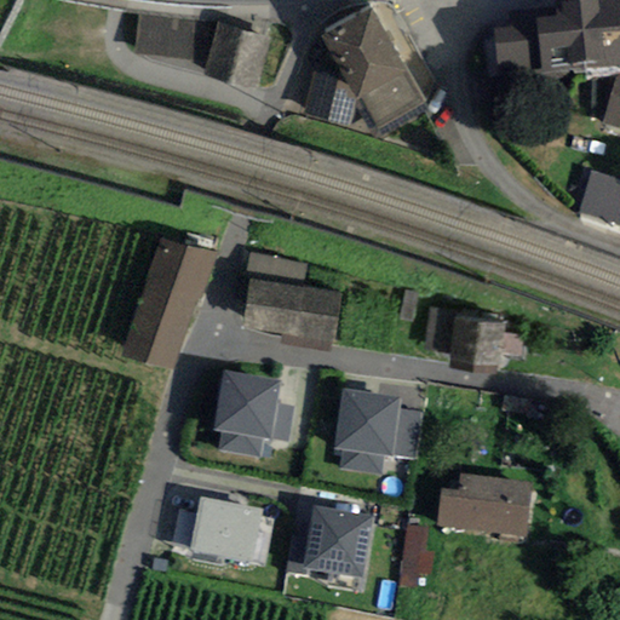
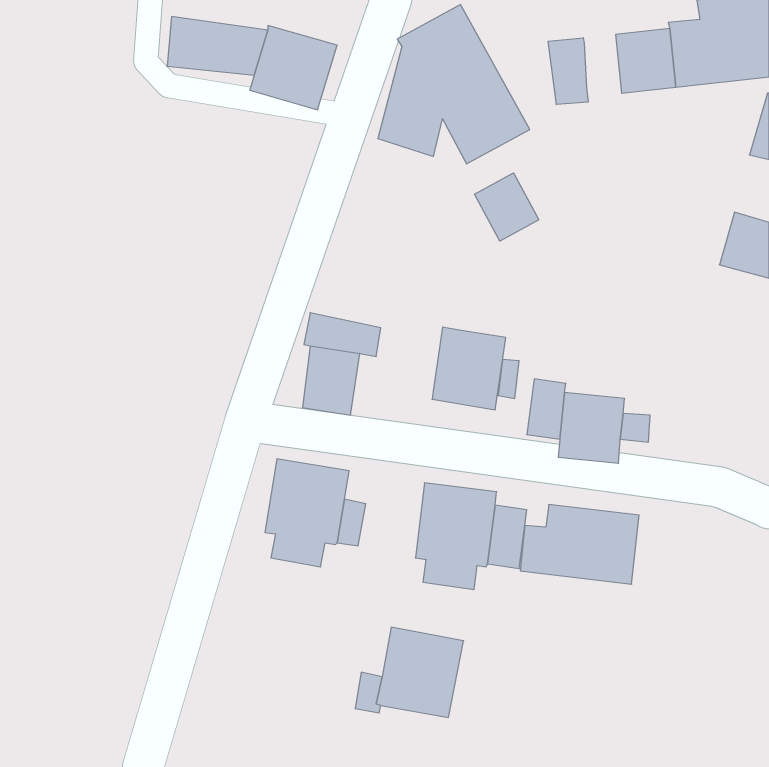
building: none -> [548,38,588,105]
building: none -> [474,173,539,241]
building: [121,236,217,369] -> none
building: [281,285,340,351] -> [432,327,506,410]
building: [437,472,533,536] -> [520,505,639,584]
building: [190,495,274,564] -> none
building: [401,524,432,586] -> none

